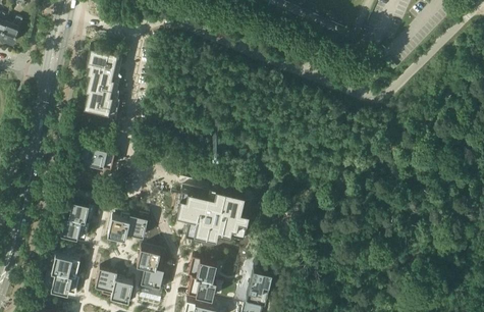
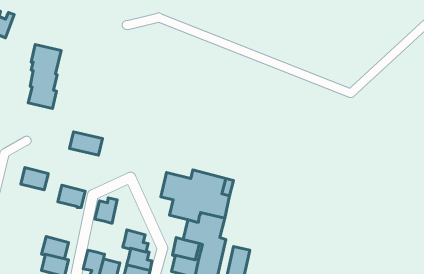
building: [84,48,118,115] -> [28,45,61,109]
building: [126,213,149,240] -> none
building: [60,217,89,241] -> [21,168,48,190]

